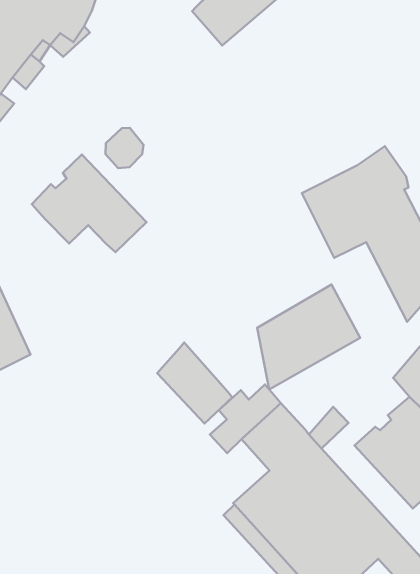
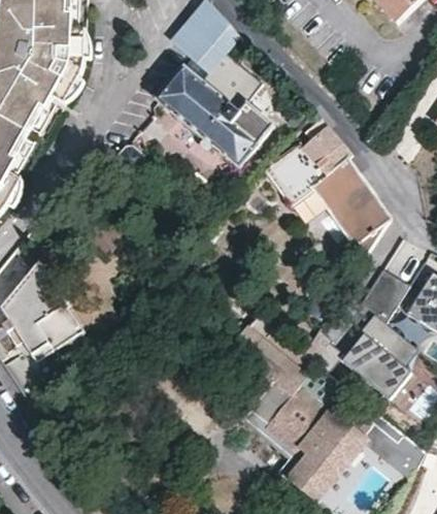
building: none -> [155,59,269,168]
building: [32,154,147,252] -> none
building: [257,284,360,389] -> none
building: [157,343,232,423] -> none

